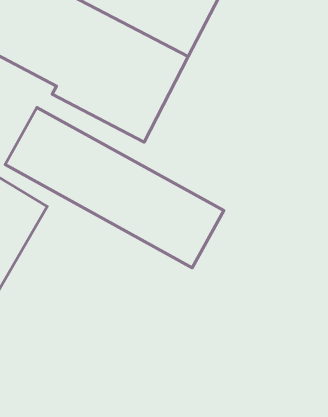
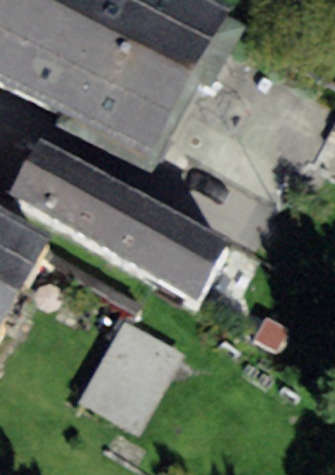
building: none -> [77,323,183,436]

